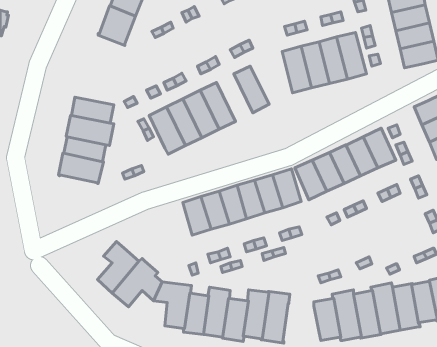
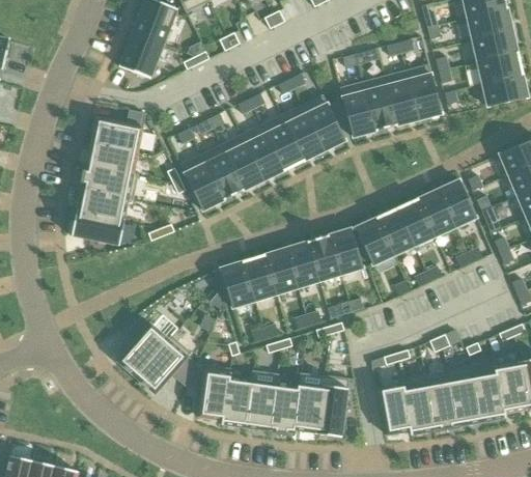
building: none -> [302,94,345,150]
building: none -> [91,110,146,151]
building: none -> [261,114,305,171]

